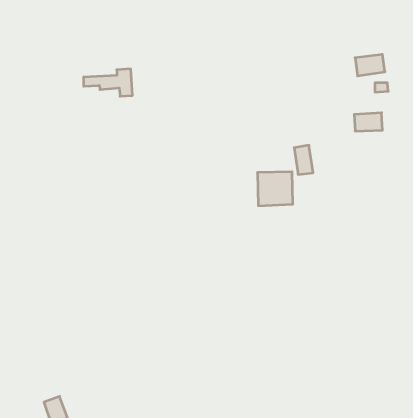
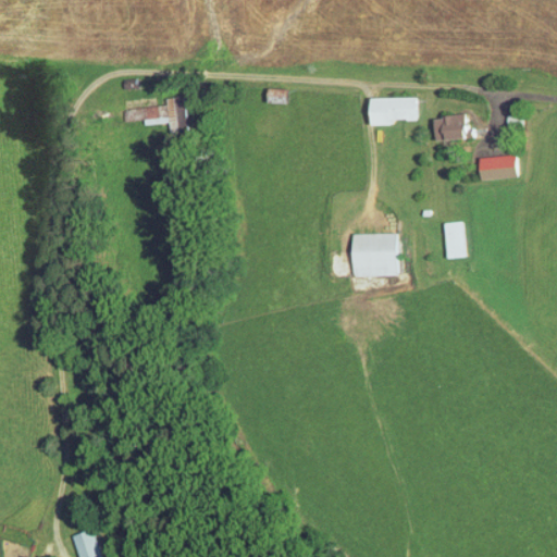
building: [355,54,385,76] -> [432,114,471,143]
building: none -> [367,98,417,126]
building: [294,145,313,174] -> [442,221,467,259]

